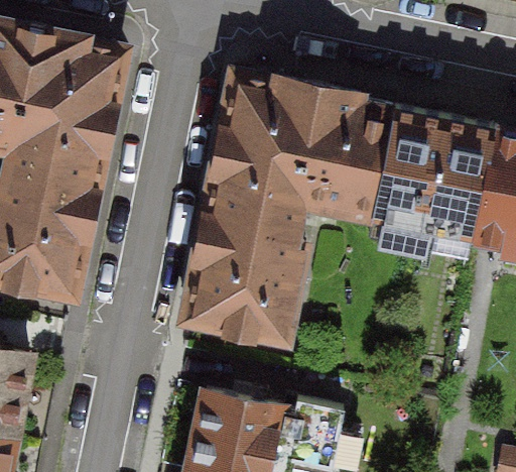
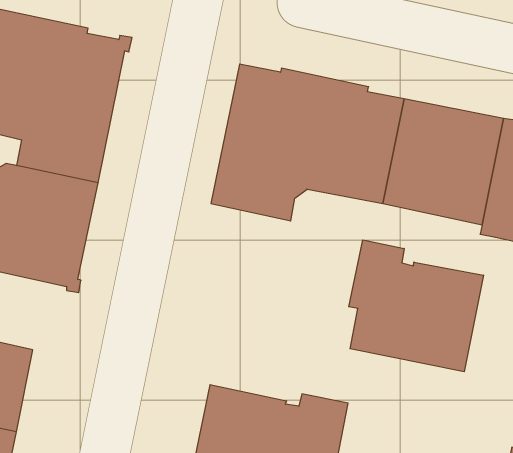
building: [187,214,307,340] -> none
building: none -> [349,240,483,372]

